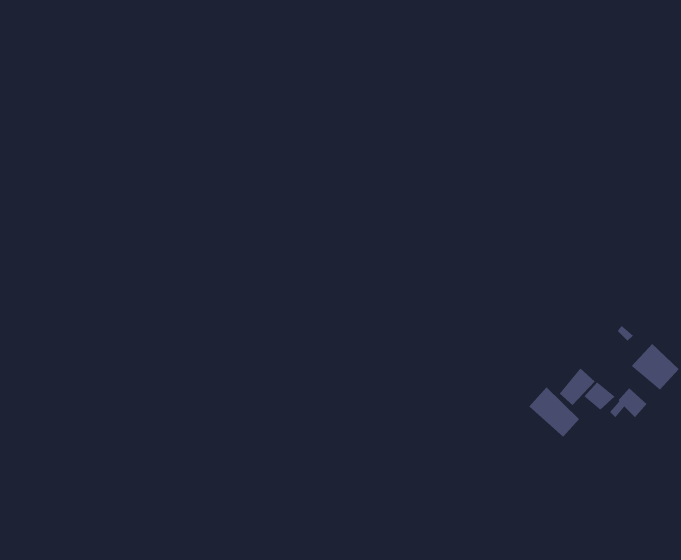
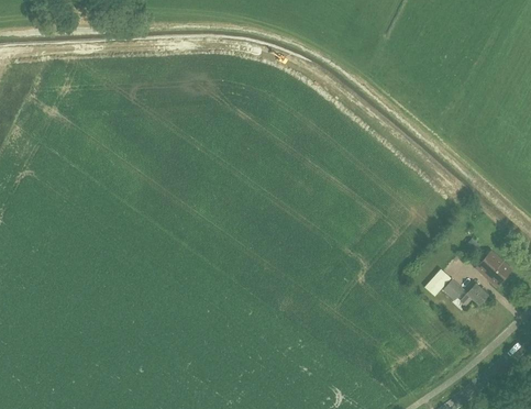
building: [528,387,580,438] -> none

